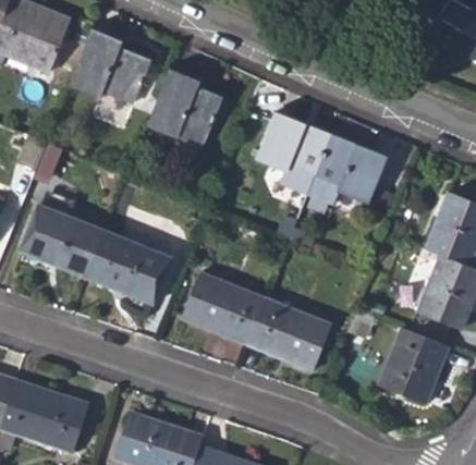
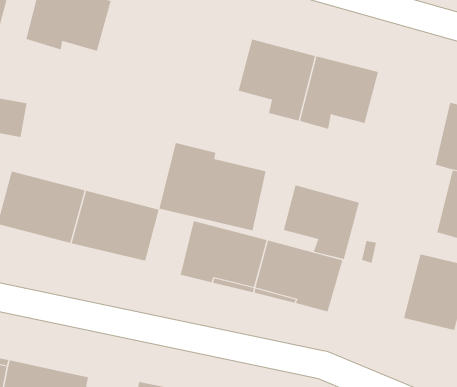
building: [146,69,222,149] -> none
building: none -> [159,142,266,231]
building: none -> [283,185,360,260]

